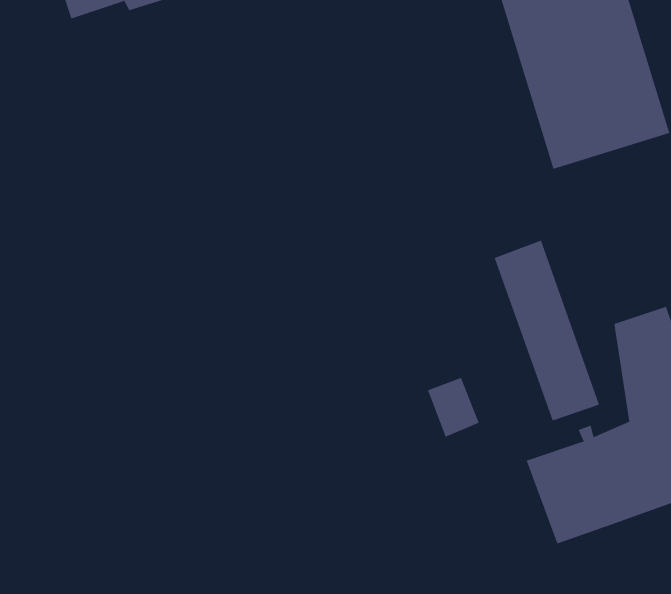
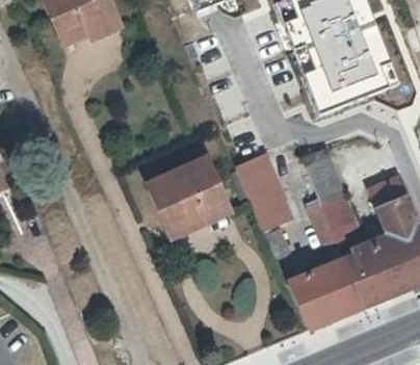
building: none -> [236,151,293,228]
building: none -> [152,163,225,234]
building: none -> [279,268,342,333]

